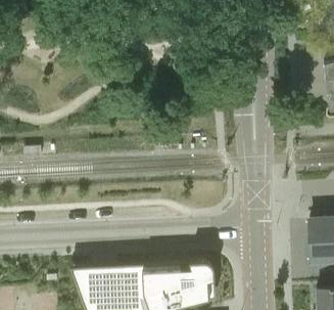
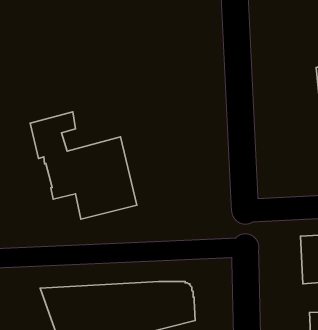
building: none -> [30,112,137,219]

